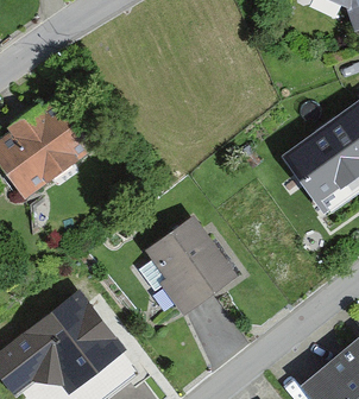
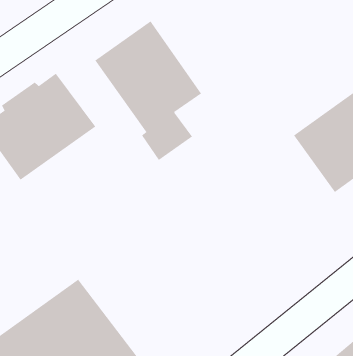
building: none -> [95,21,202,161]
building: [143,215,237,316] -> none

